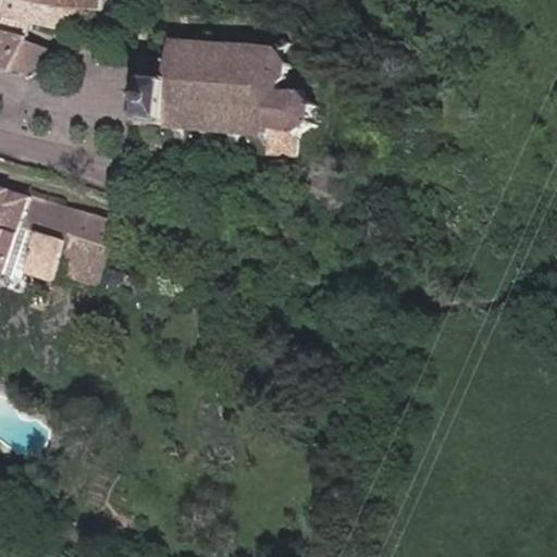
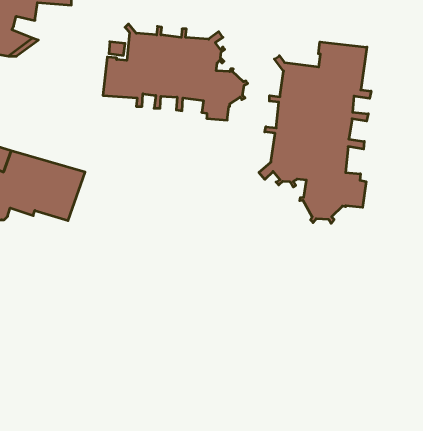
building: none -> [259,42,371,223]

